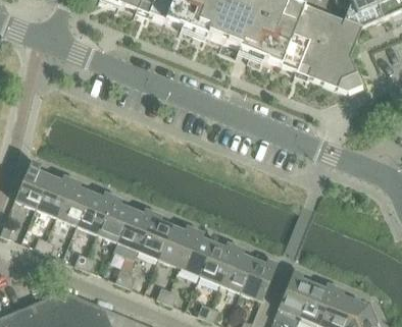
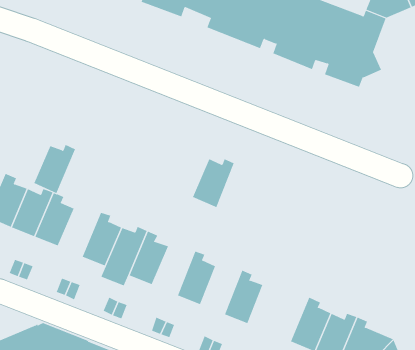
building: [77,192,113,234] -> [33,144,76,194]
building: [158,225,195,268] -> [192,159,235,208]
building: [200,242,236,284] -> none
building: [241,259,278,302] -> none

